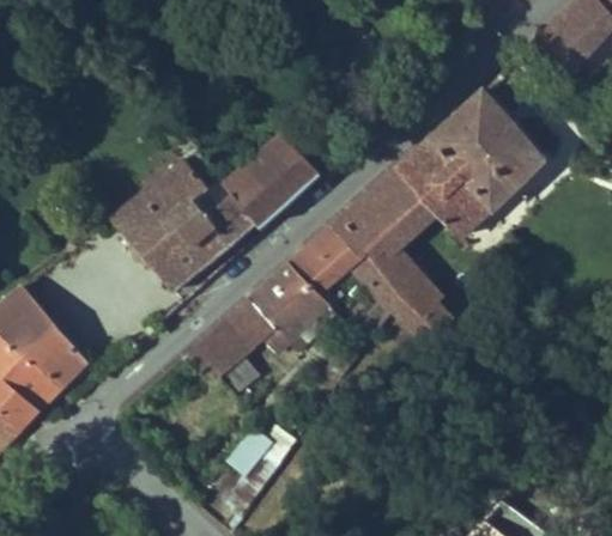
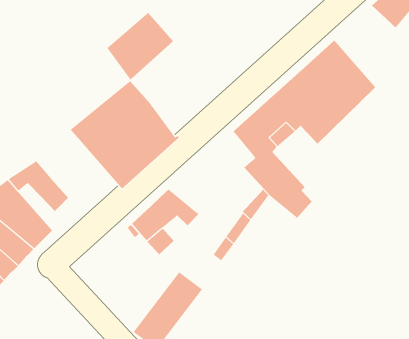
building: [225,130,320,226] -> [106,12,174,80]
building: [249,219,365,335] -> none
building: none -> [8,161,69,212]

